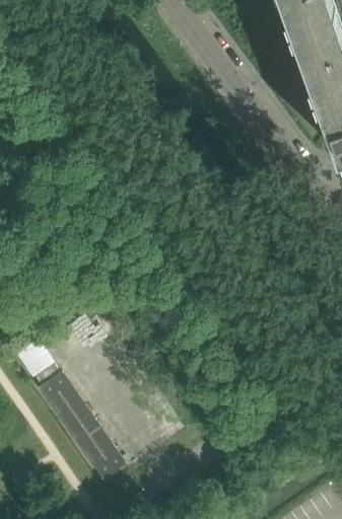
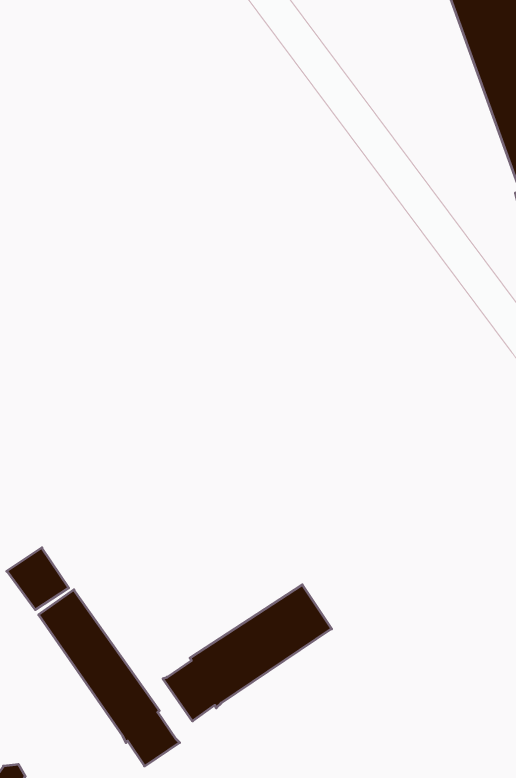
building: none -> [163,585,332,721]

